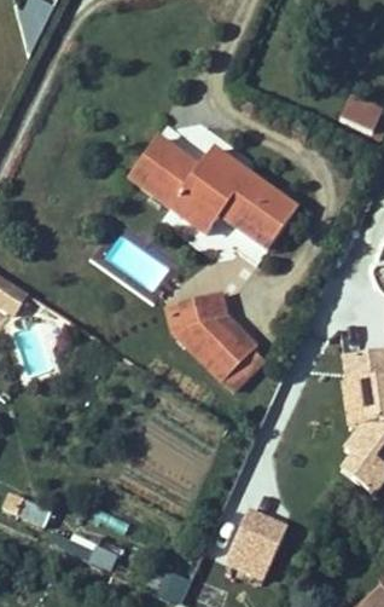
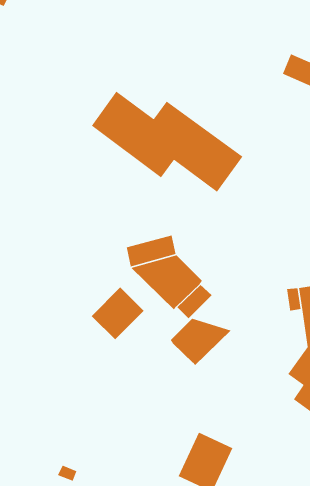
building: none -> [91,287,144,340]
building: none -> [170,318,232,366]

